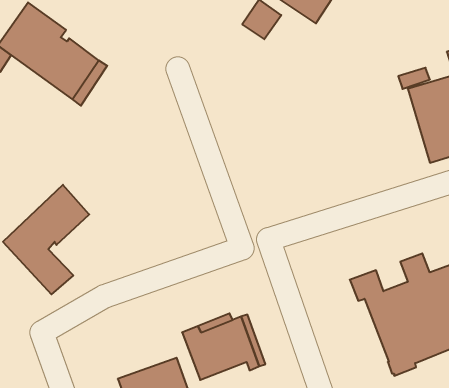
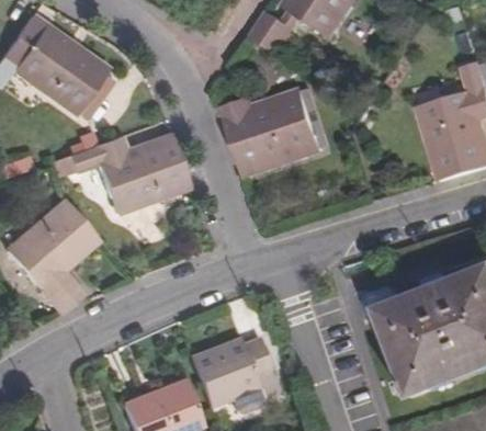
building: none -> [221,88,323,172]
building: none -> [70,134,188,211]

